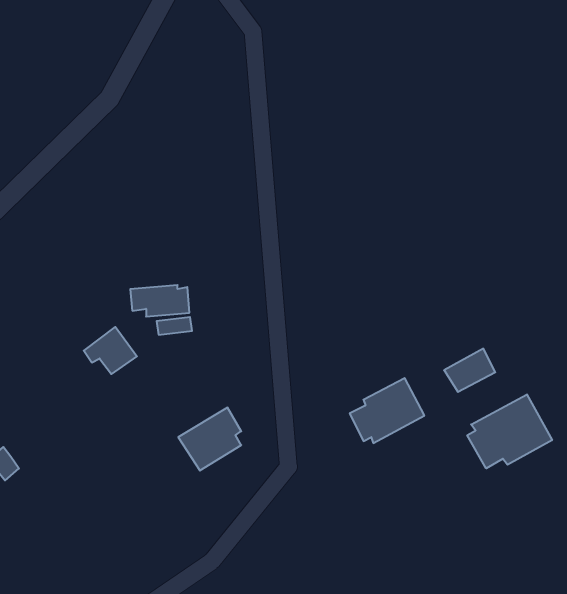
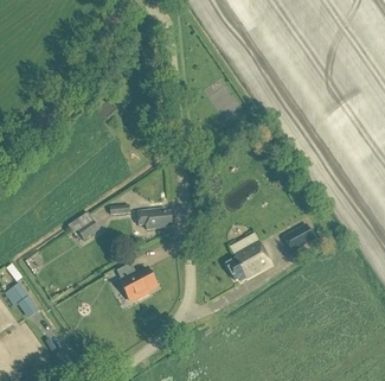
building: [130,285,189,317] -> [136,210,172,229]
building: [467,394,552,468] -> none

